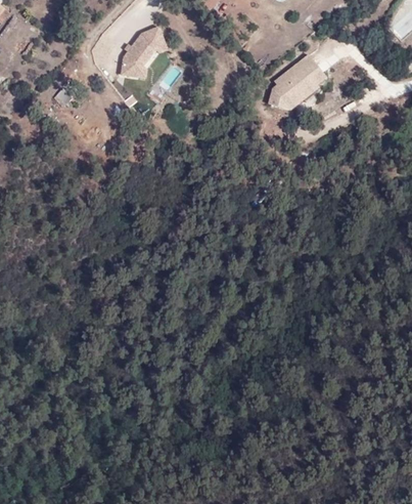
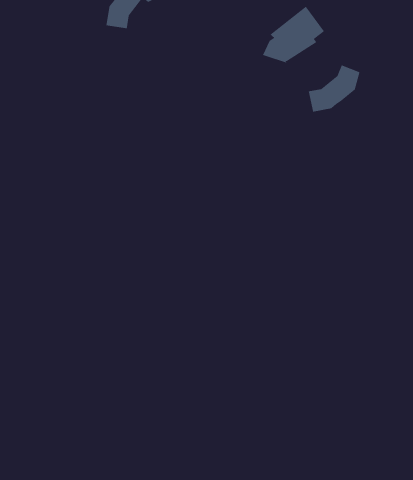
building: none -> [308,64,360,112]

